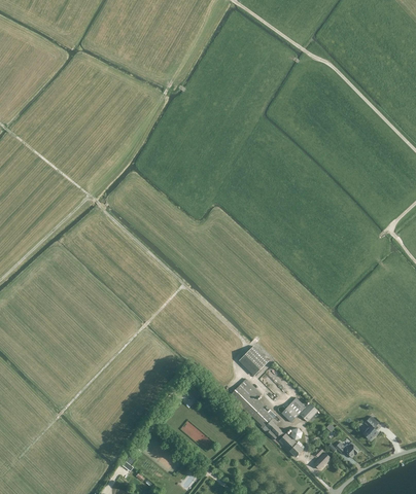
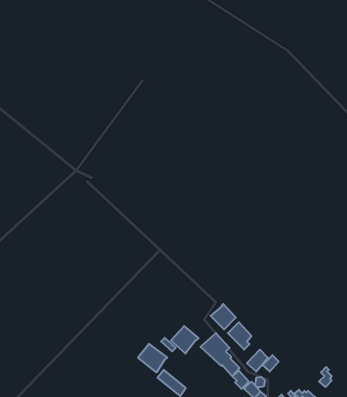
building: none -> [171,326,199,354]
building: none -> [138,344,167,372]

